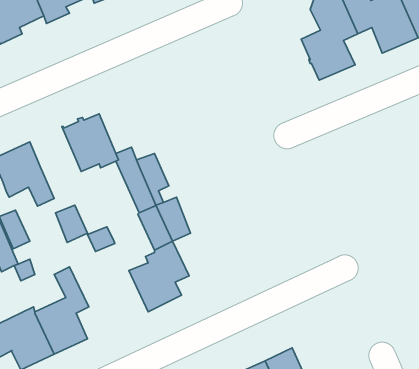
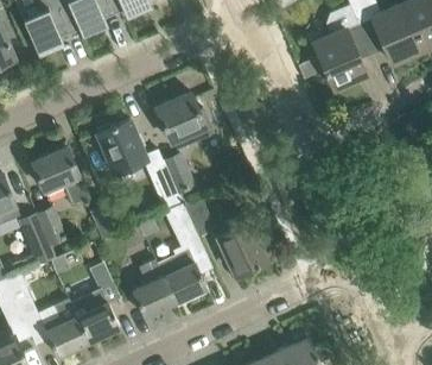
building: none -> [155,94,212,150]
building: none -> [216,222,267,276]
building: none -> [132,259,174,317]

